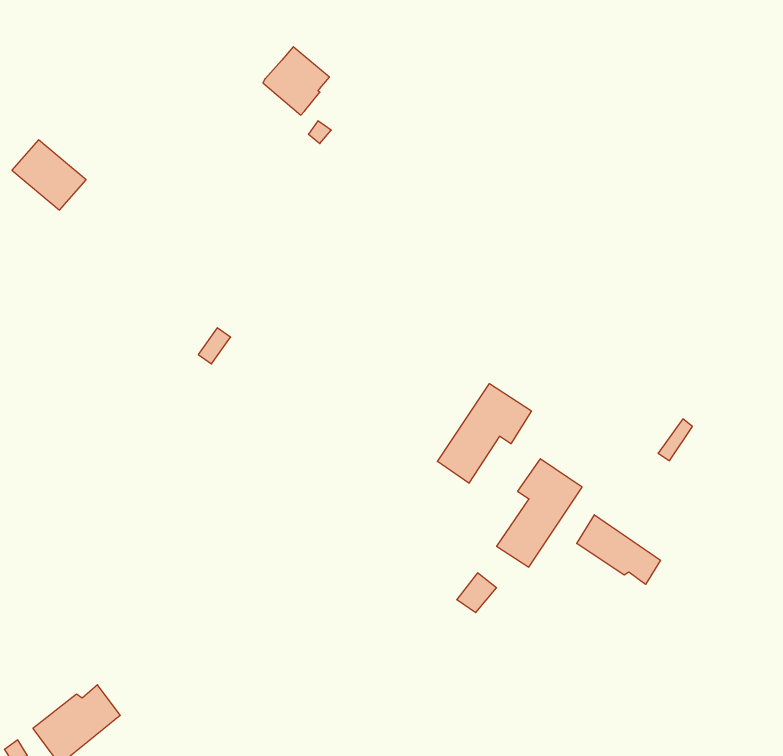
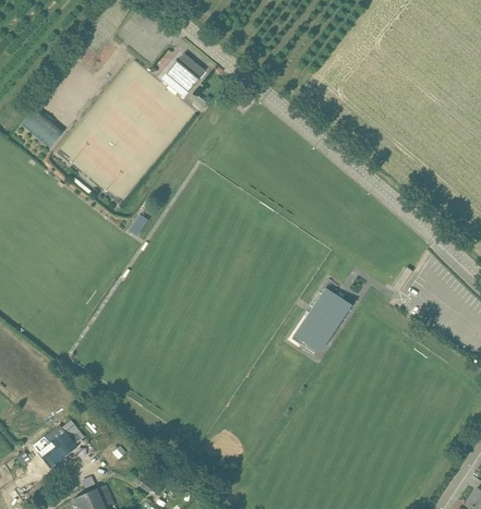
building: [437,384,531,483] -> none
building: [577,515,661,584] -> none

